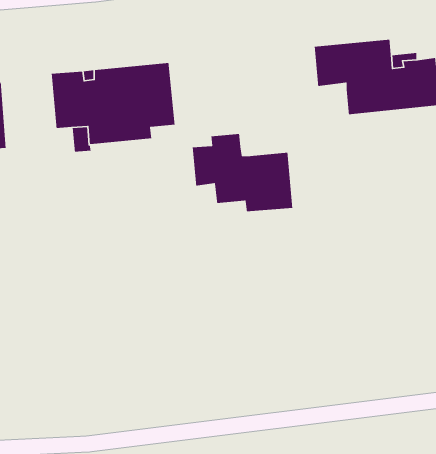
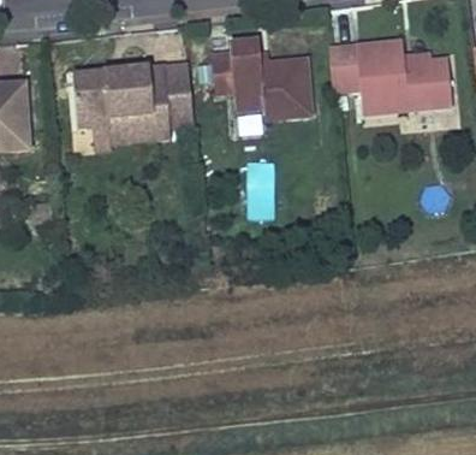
building: [192,133,293,212] -> [212,41,310,118]

